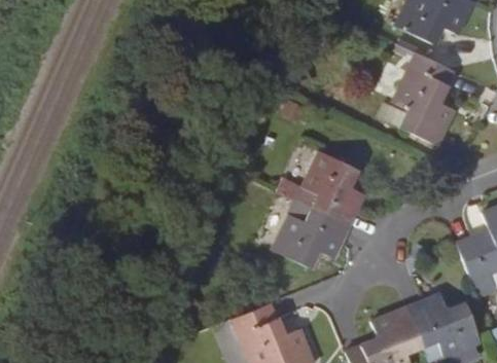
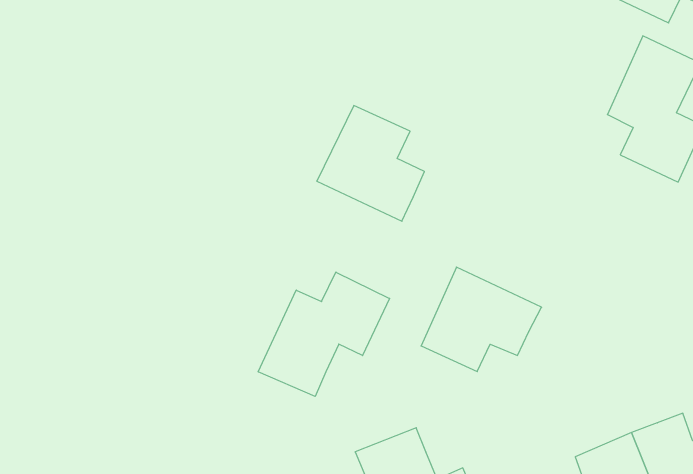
building: [296,151,365,225] -> [317,106,424,221]
building: none -> [258,272,390,396]

